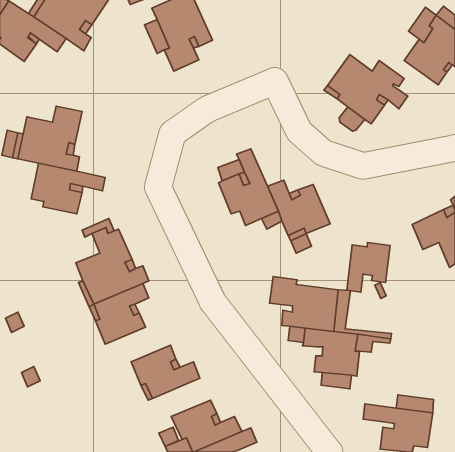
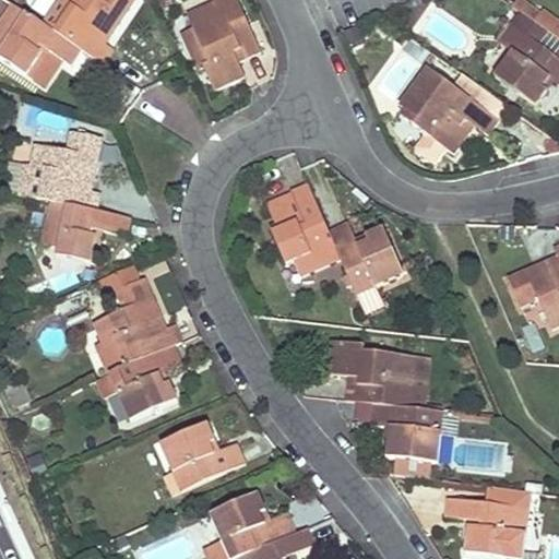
building: [347,243,390,292] -> none

